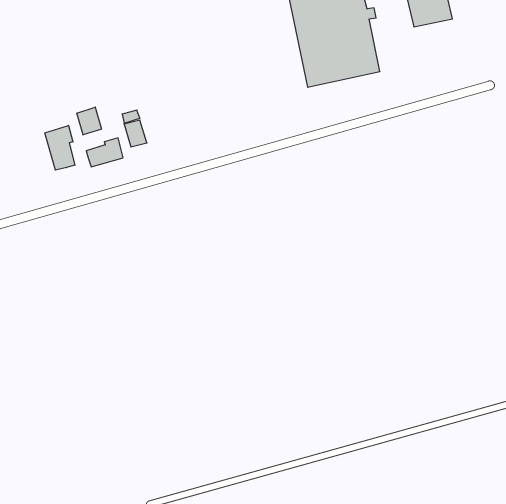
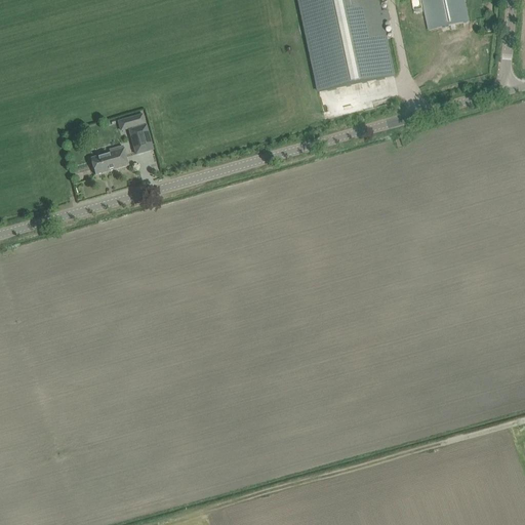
building: [77,107,101,135] -> none
building: [45,125,75,170] -> none

